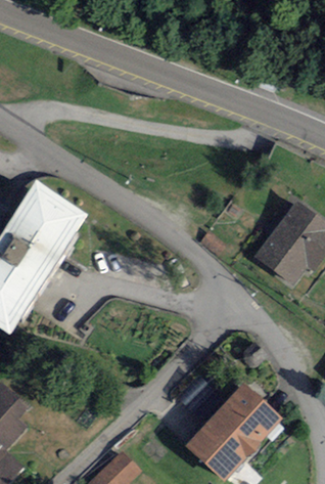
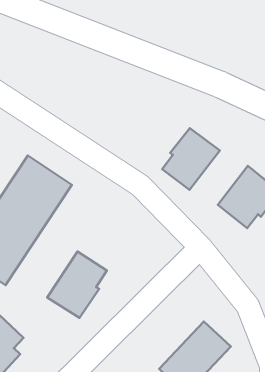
building: none -> [162,128,220,190]
building: none -> [47,252,107,318]

